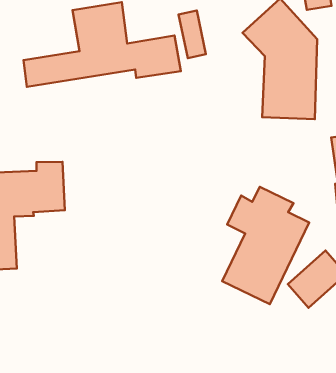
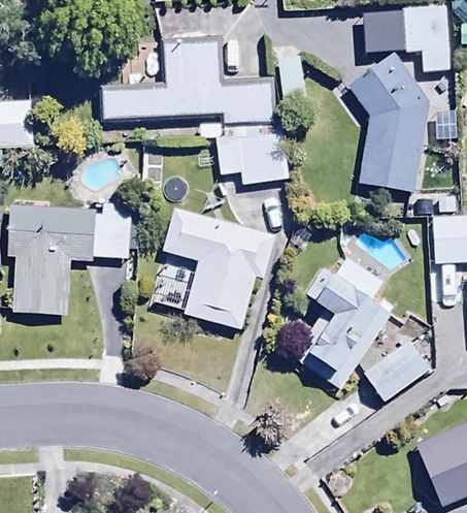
building: none -> [218,133,290,182]
building: none -> [163,206,274,329]

